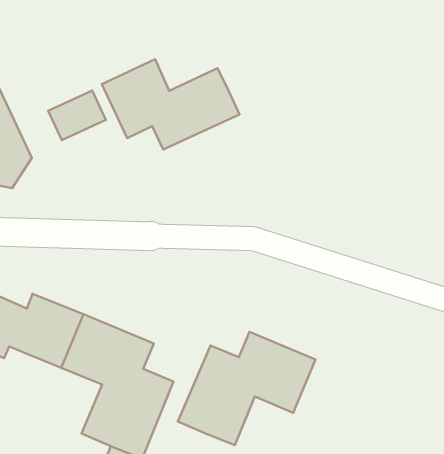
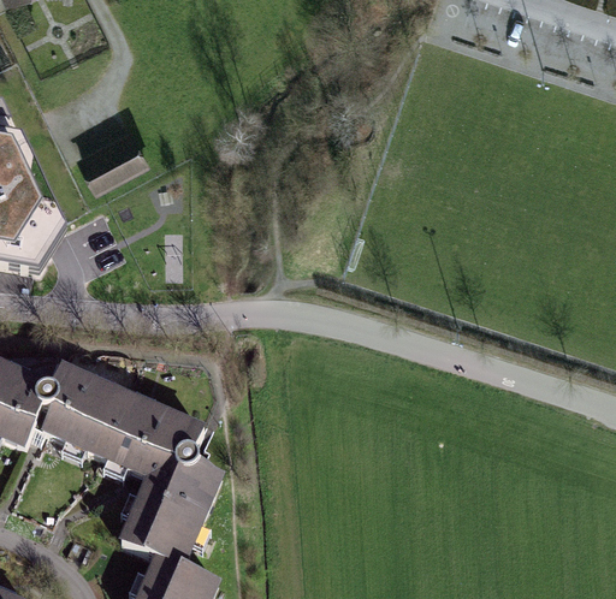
building: [102,59,239,149] -> none
building: [178,332,315,445] -> none

